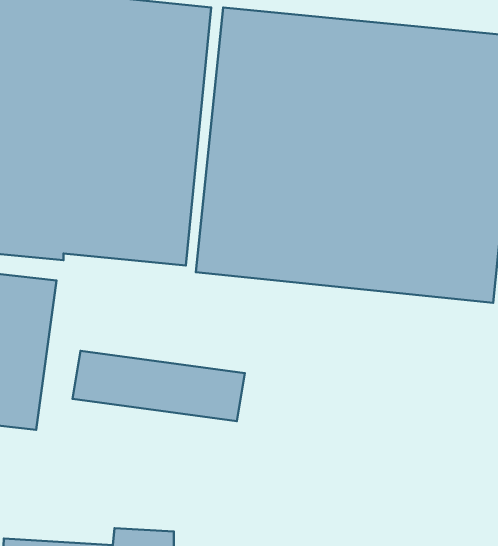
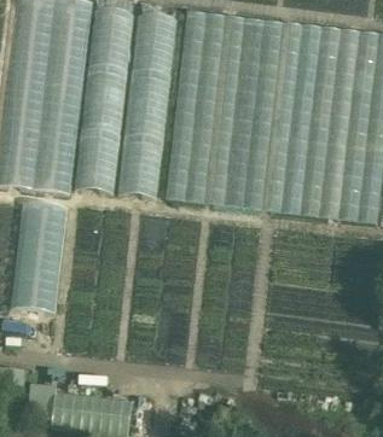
building: [73,351,245,421] -> none

